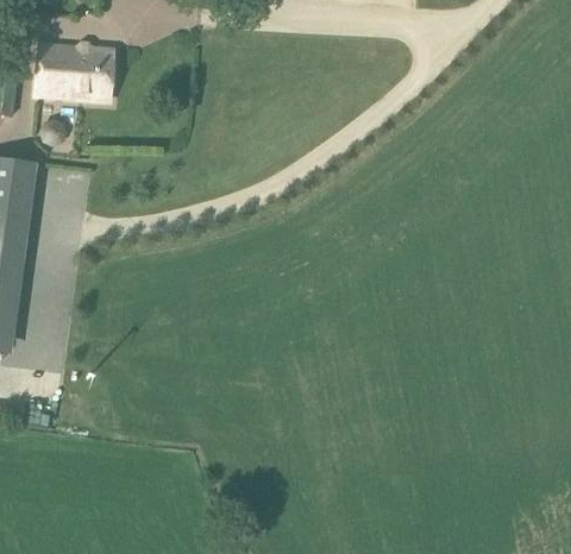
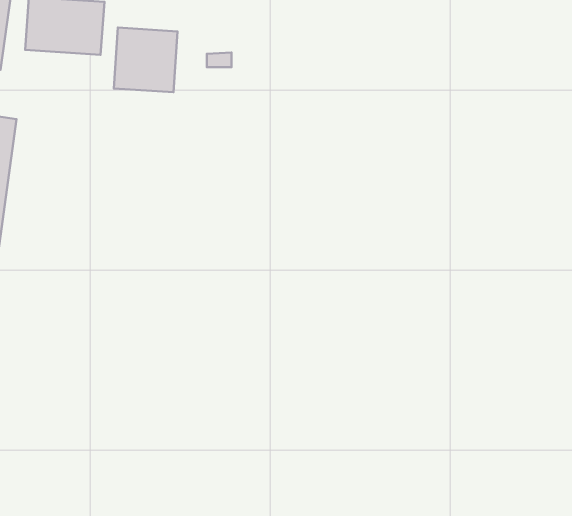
building: none -> [114,28,177,92]

